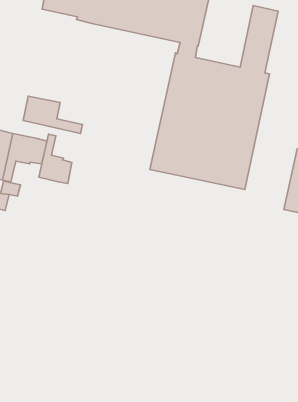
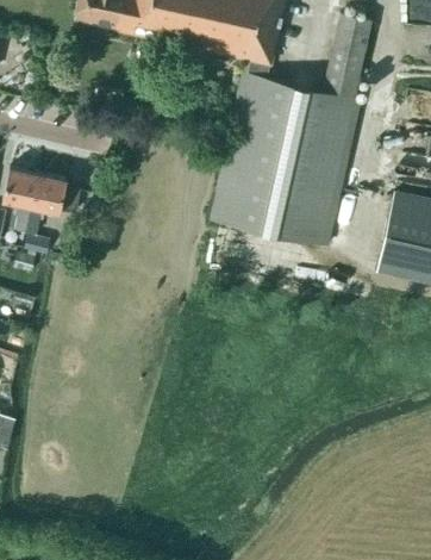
building: [23,96,83,133] -> none
building: [39,134,72,184] -> none

